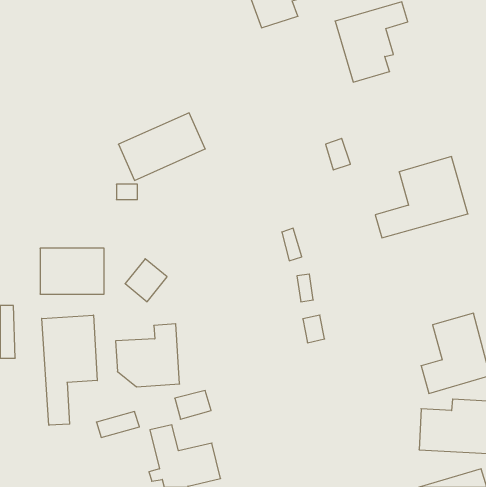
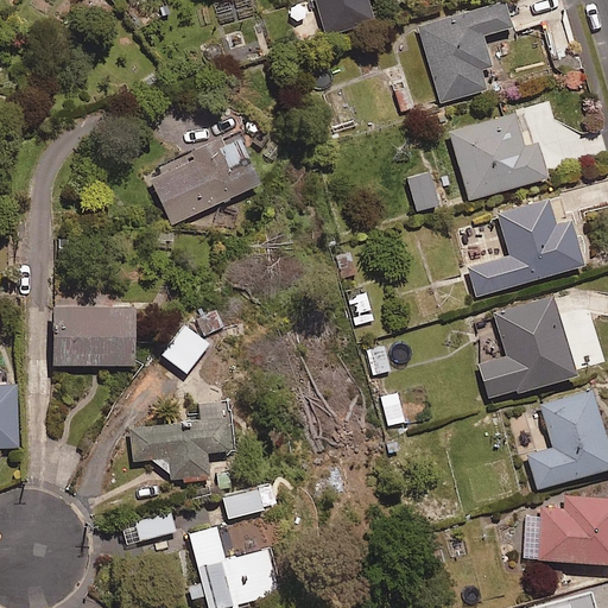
building: none -> [451,112,544,200]
building: none -> [480,297,575,399]
building: [42,315,97,425] -> none

